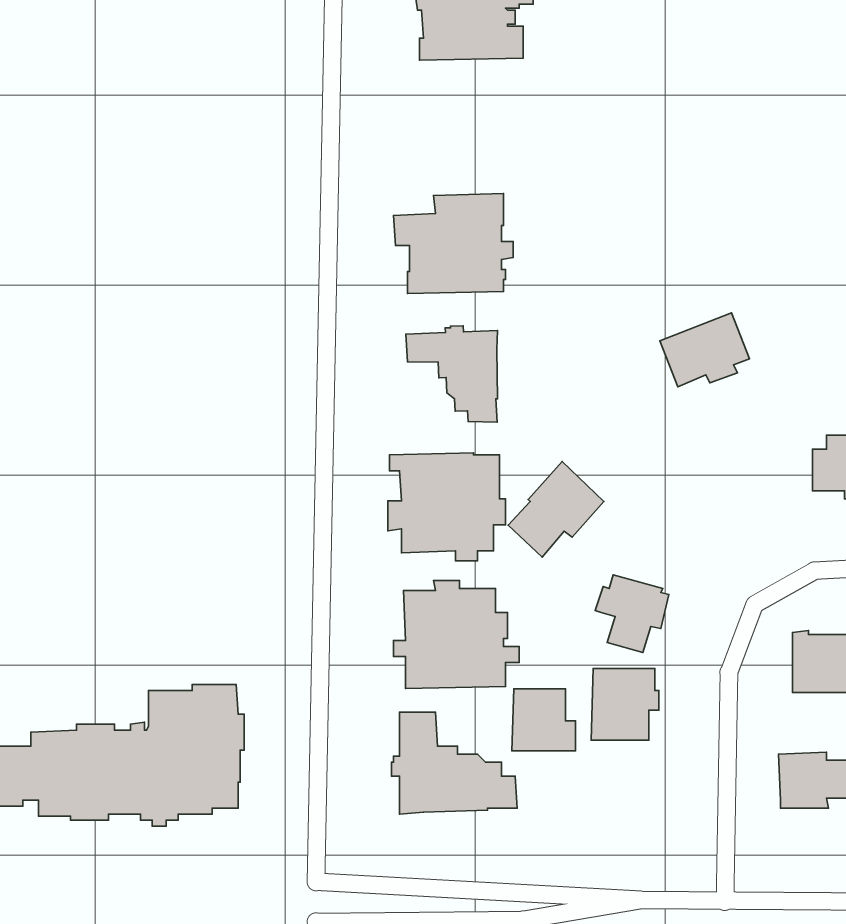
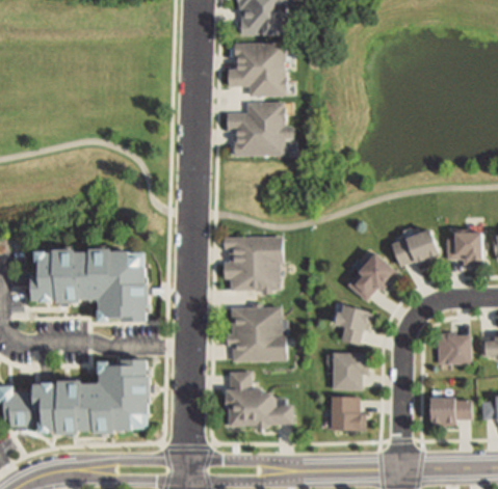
building: none -> [229,46,291,97]
building: [660,313,750,387] -> [391,227,438,266]
building: [406,326,498,422] -> none
building: [508,461,604,557] -> [347,250,397,300]
building: none -> [31,249,147,323]
building: [512,689,576,751] -> [330,397,363,429]

